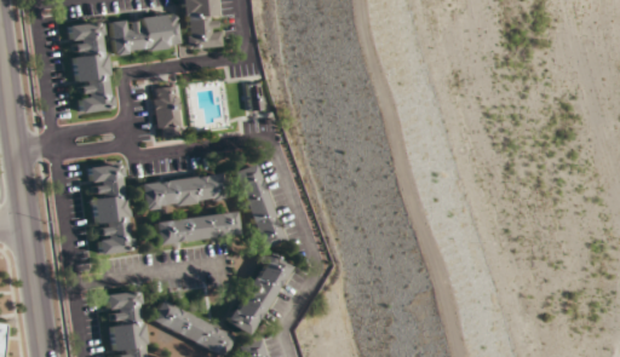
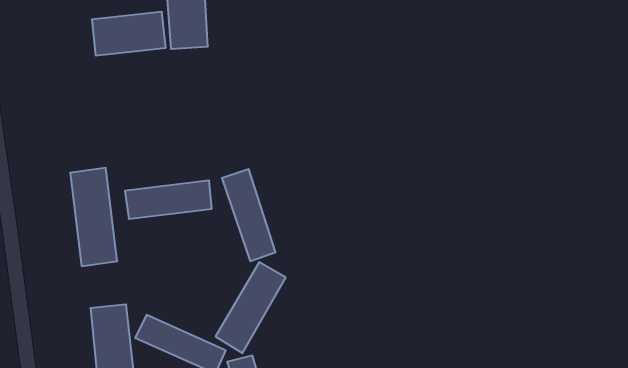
building: [68,21,114,114] -> none
building: [151,85,182,138] -> none
building: [154,212,237,243] -> none

